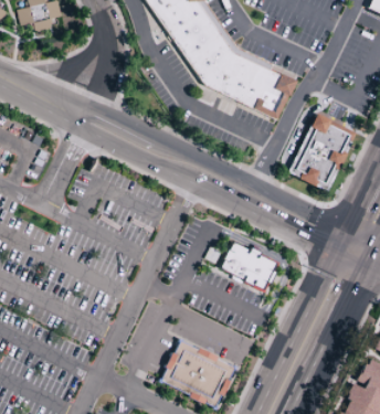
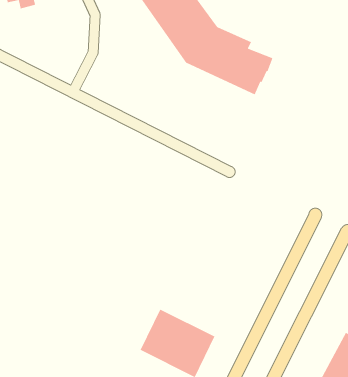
building: [287,113,356,191] -> none
building: [218,238,277,290] -> none

